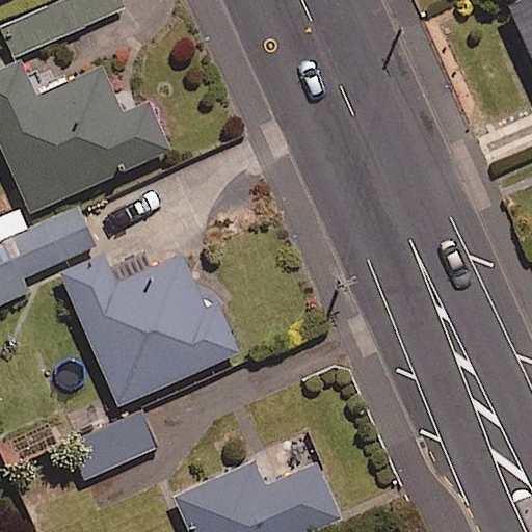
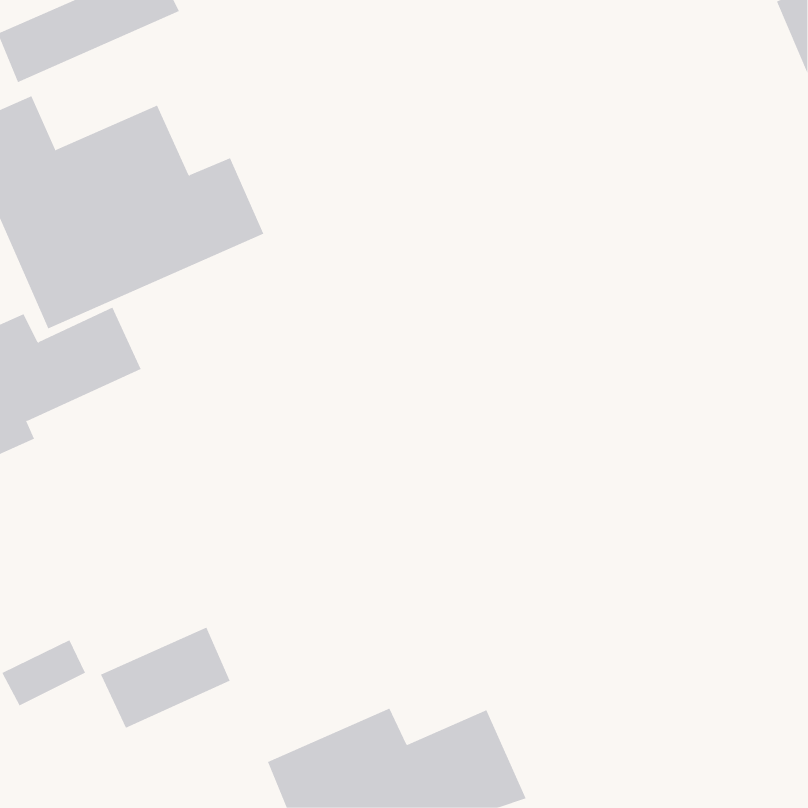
building: [60,256,241,407] -> none

